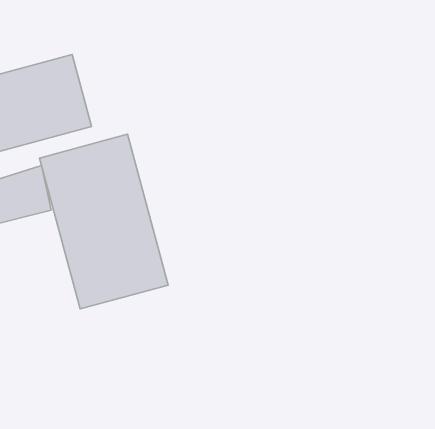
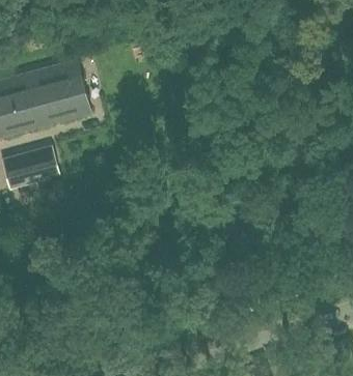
building: [40,134,168,309] -> none

